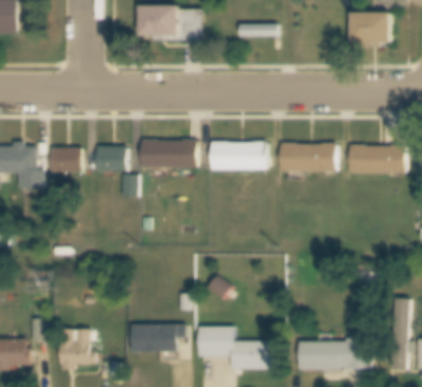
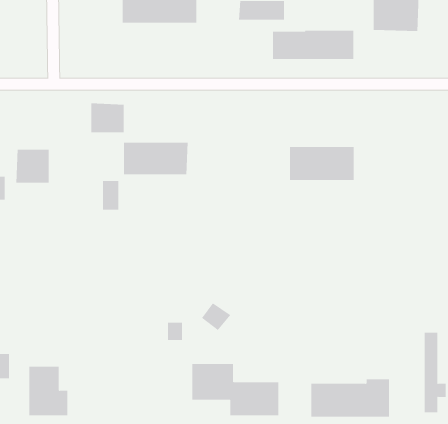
building: none -> [272,30,354,60]
building: [210,142,265,170] -> none
building: [97,144,125,169] -> [91,103,125,133]
building: [349,144,404,173] -> none
building: [131,323,184,350] -> none

